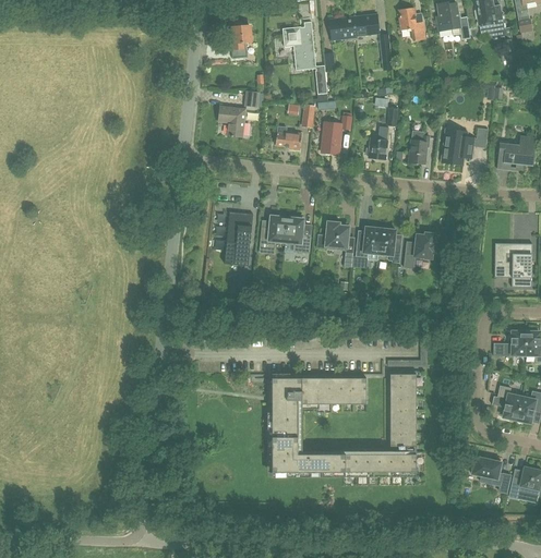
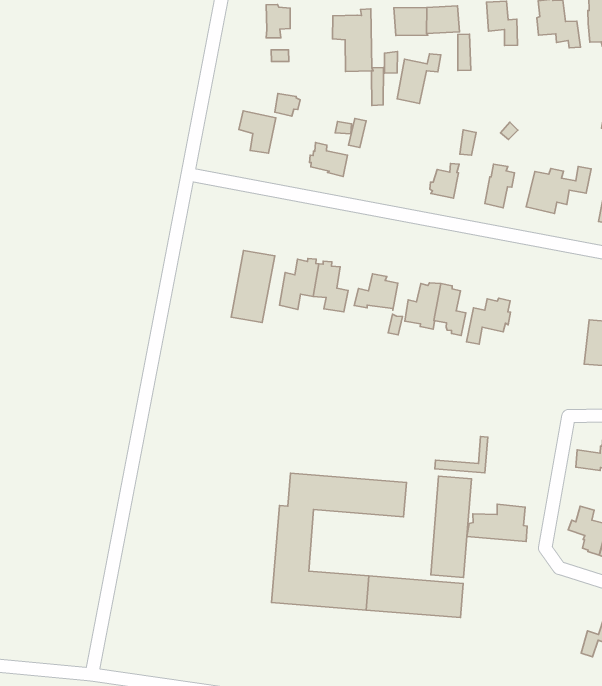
building: [321,116,351,154] -> [397,54,441,104]
building: none -> [467,504,527,541]
building: [471,456,512,493] -> none

